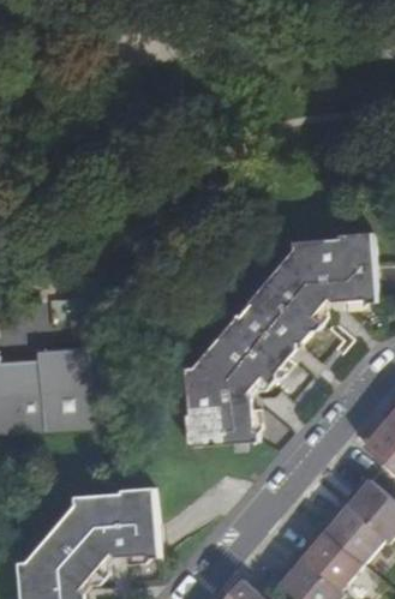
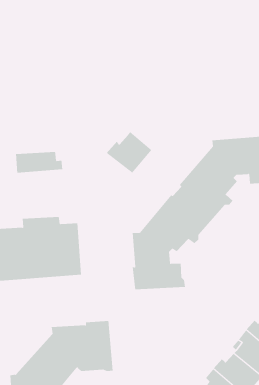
building: none -> [106,131,152,173]
building: none -> [15,151,63,173]

